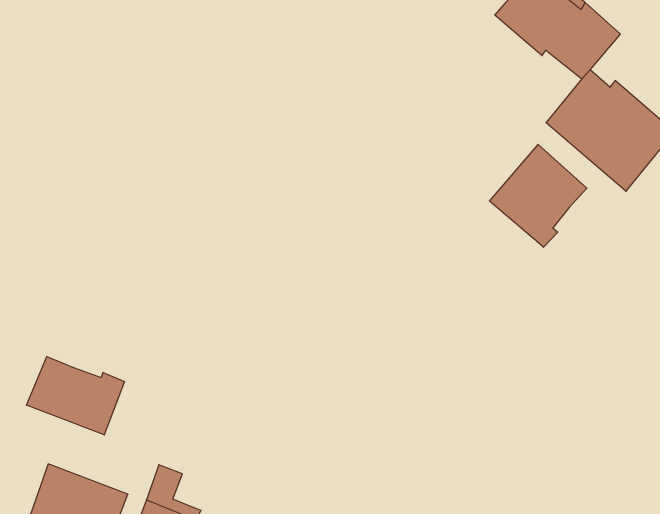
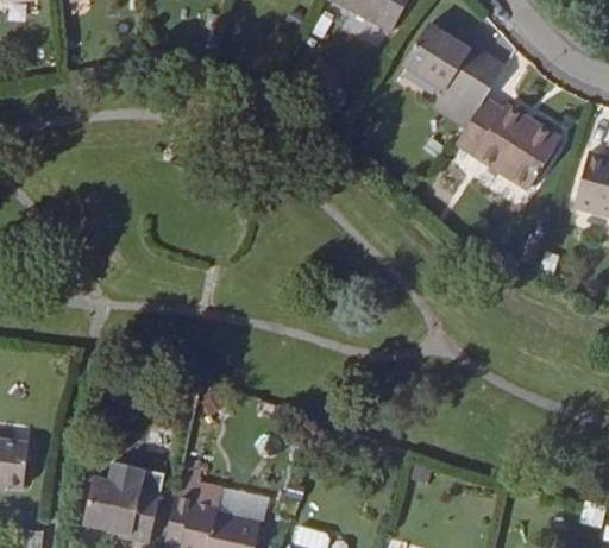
building: [490,144,587,247] -> none
building: [27,357,124,435] -> none

